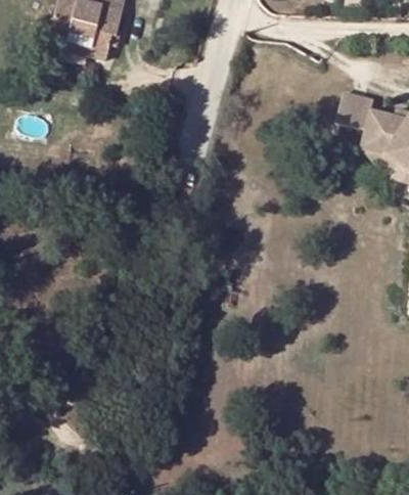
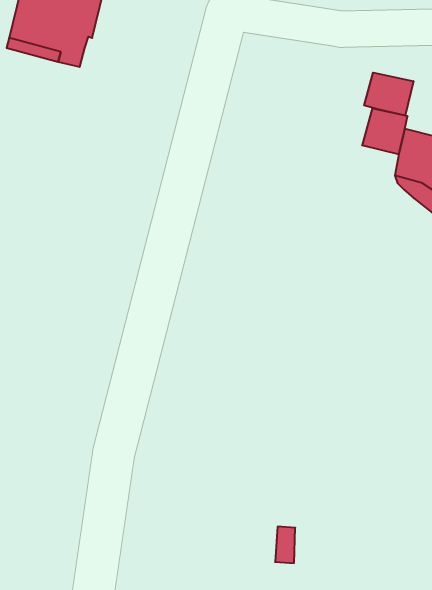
building: none -> [364,73,413,116]

